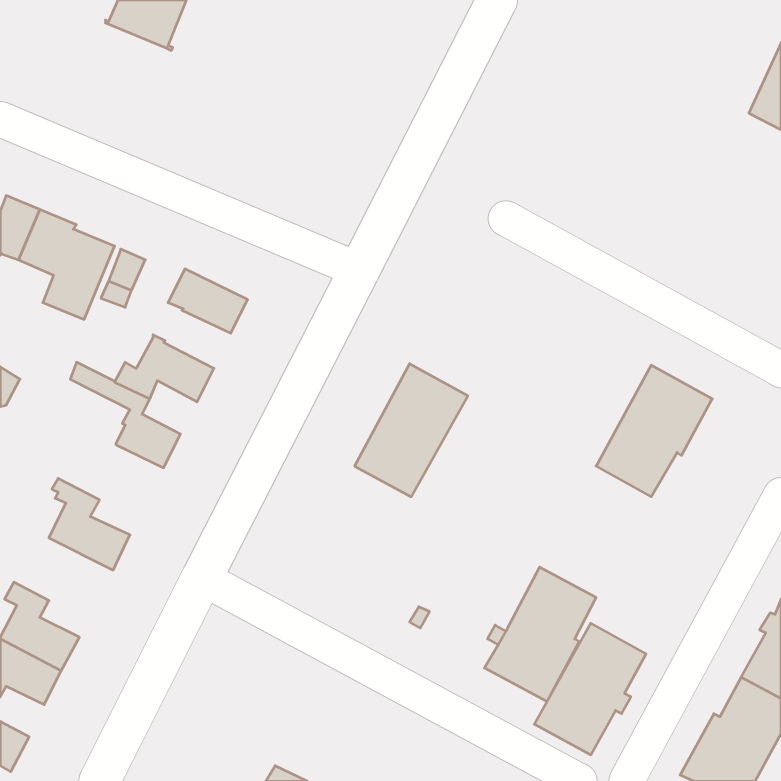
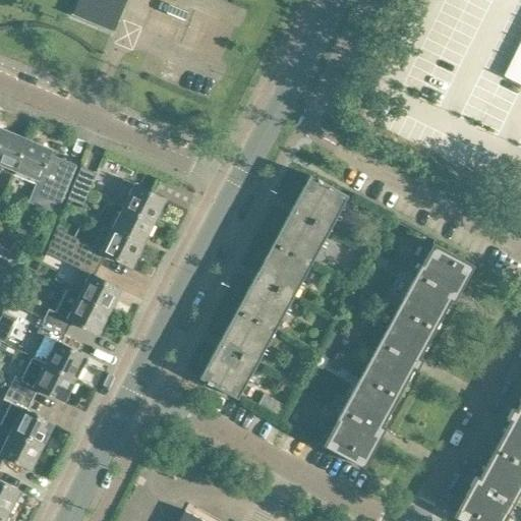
building: none -> [273,175,348,264]
building: none -> [109,207,154,245]
building: none -> [39,290,109,335]
building: none -> [199,310,274,399]
building: none -> [9,358,75,402]
building: [534,623,646,755] -> [359,310,433,398]

